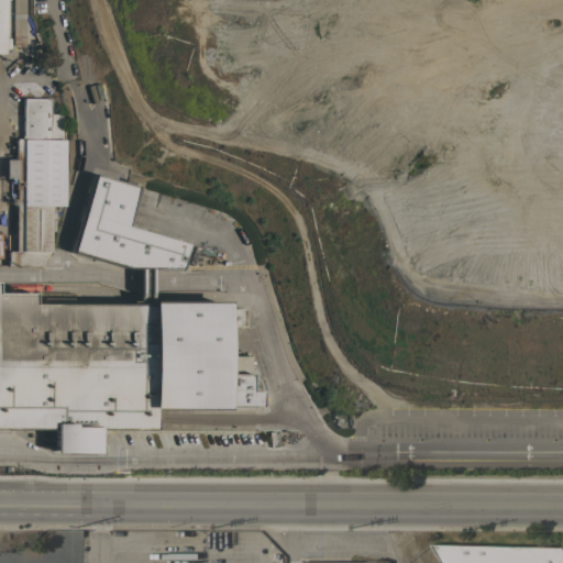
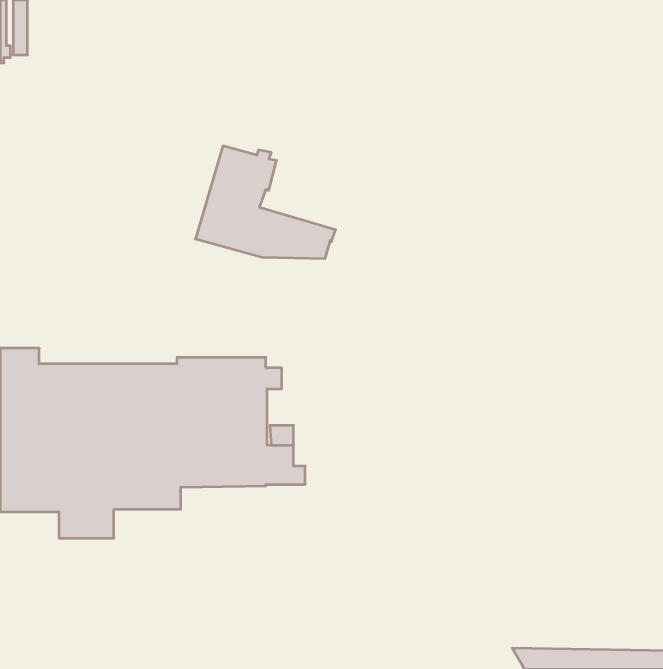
building: [10,98,67,266] -> none
building: [74,174,191,268] -> [195,146,336,259]

